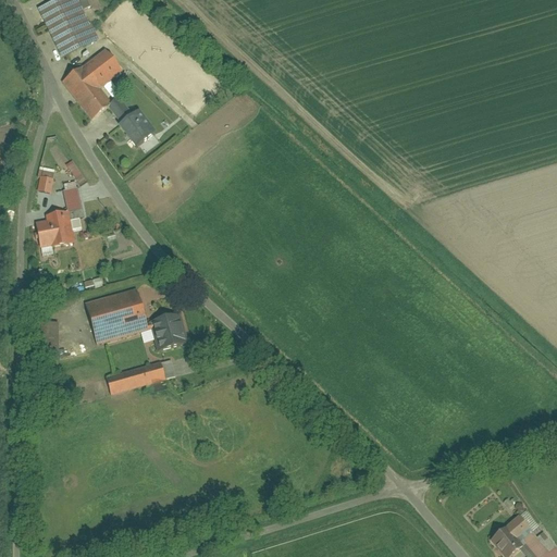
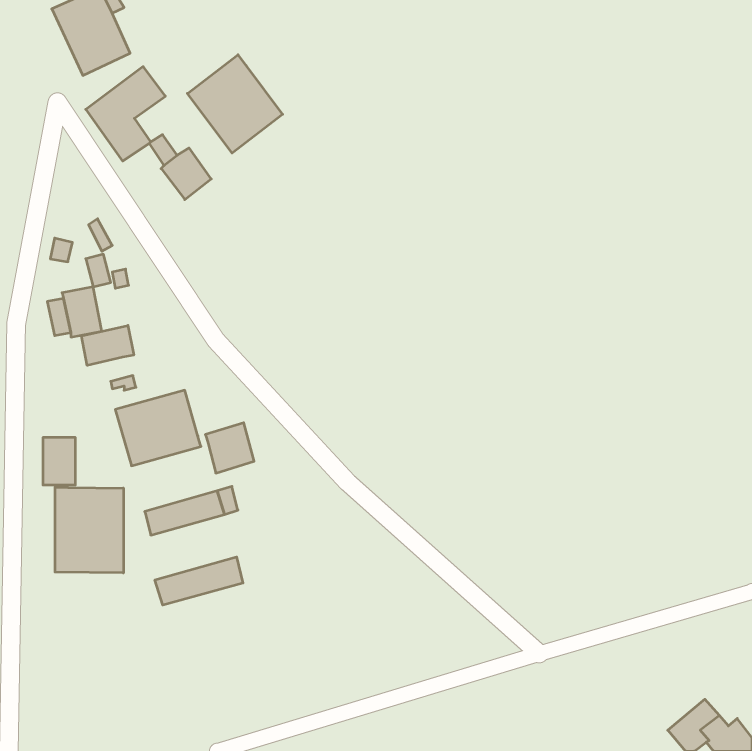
building: none -> [187,55,283,153]
building: none -> [81,325,134,365]
building: none -> [55,487,123,573]
building: none -> [155,557,243,605]

